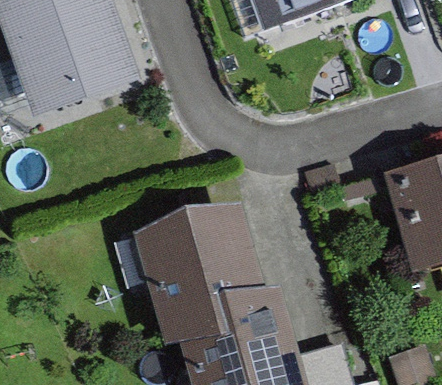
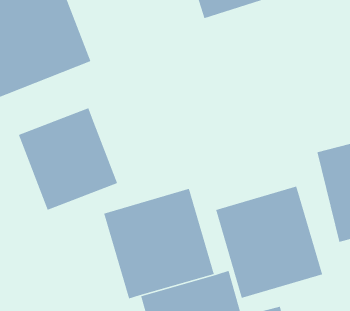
building: none -> [18,107,118,211]
building: none -> [215,185,323,299]

